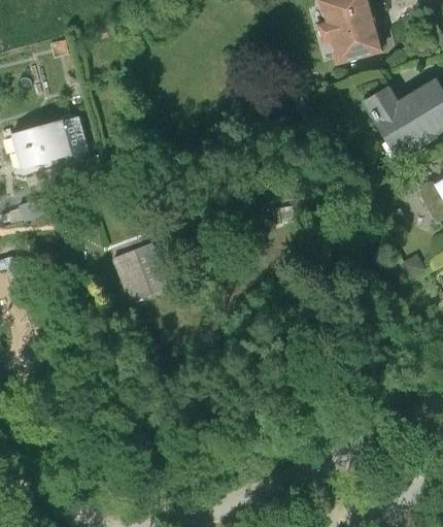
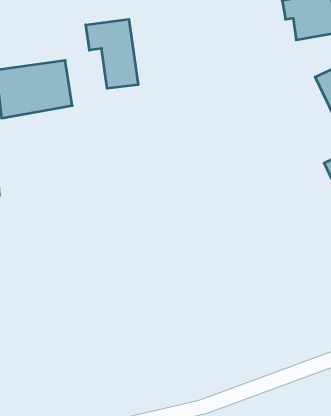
building: none -> [86,19,138,88]
building: [114,240,174,302] -> none

